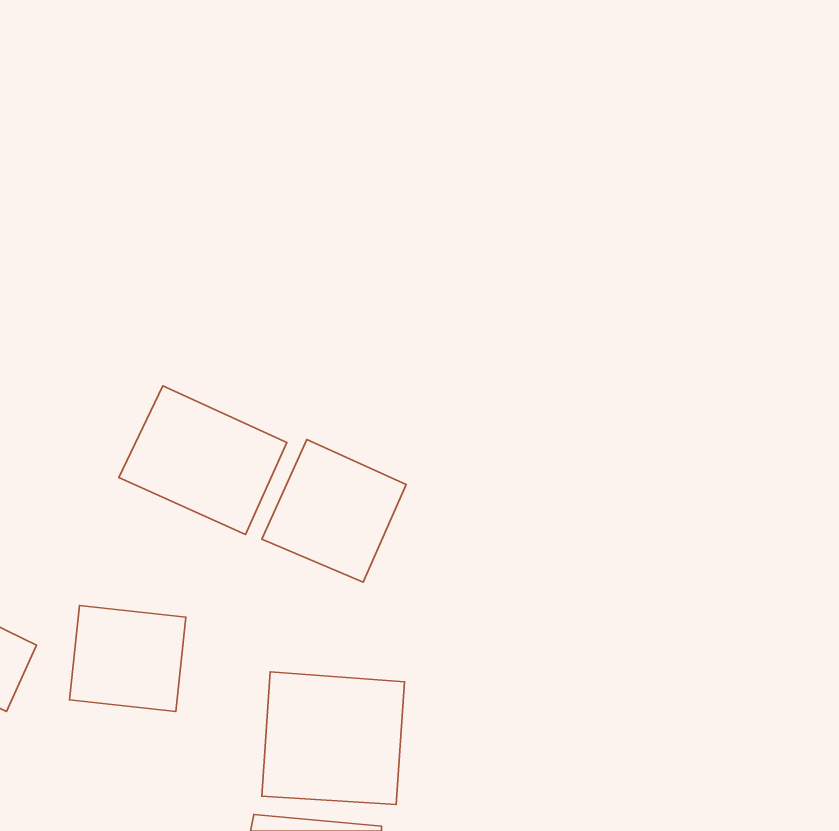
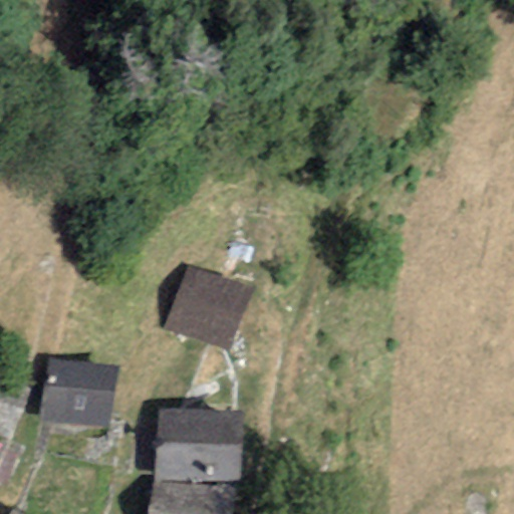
building: [119,386,287,535] -> none

